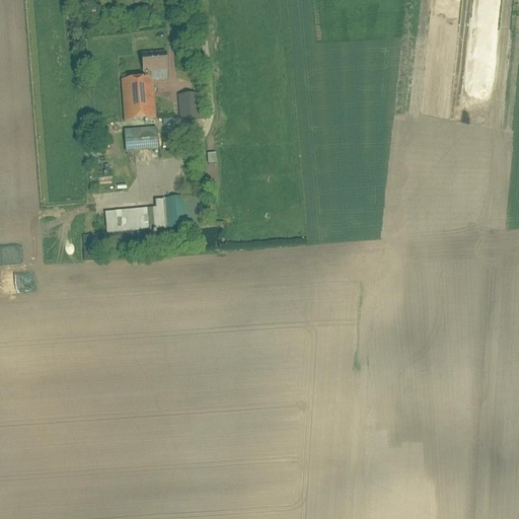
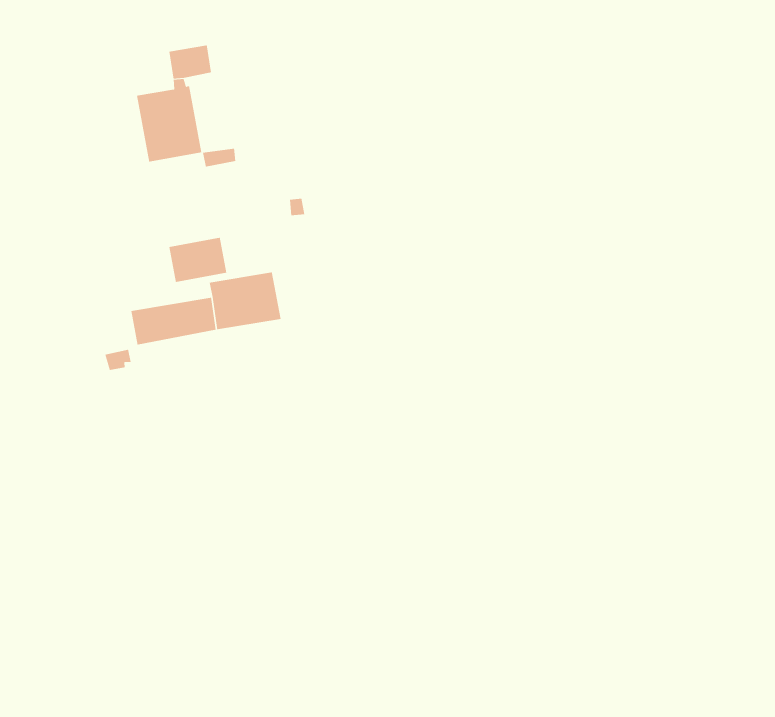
building: [179,91,200,117] -> none
building: [124,125,158,150] -> [169,237,227,282]

